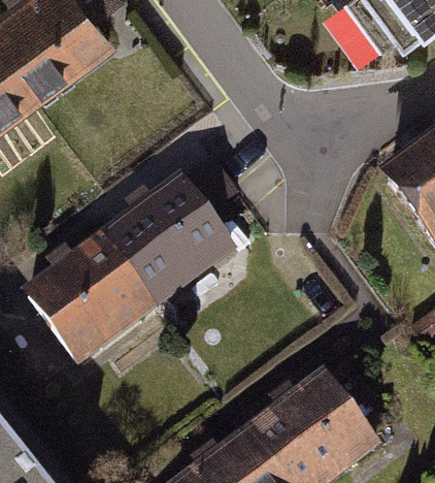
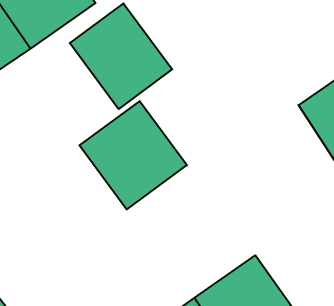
building: none -> [70,3,172,109]
building: [22,231,164,373] -> none

